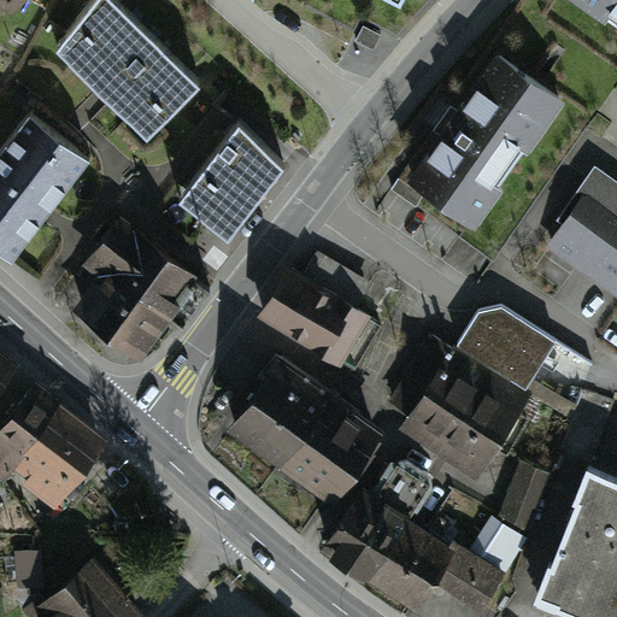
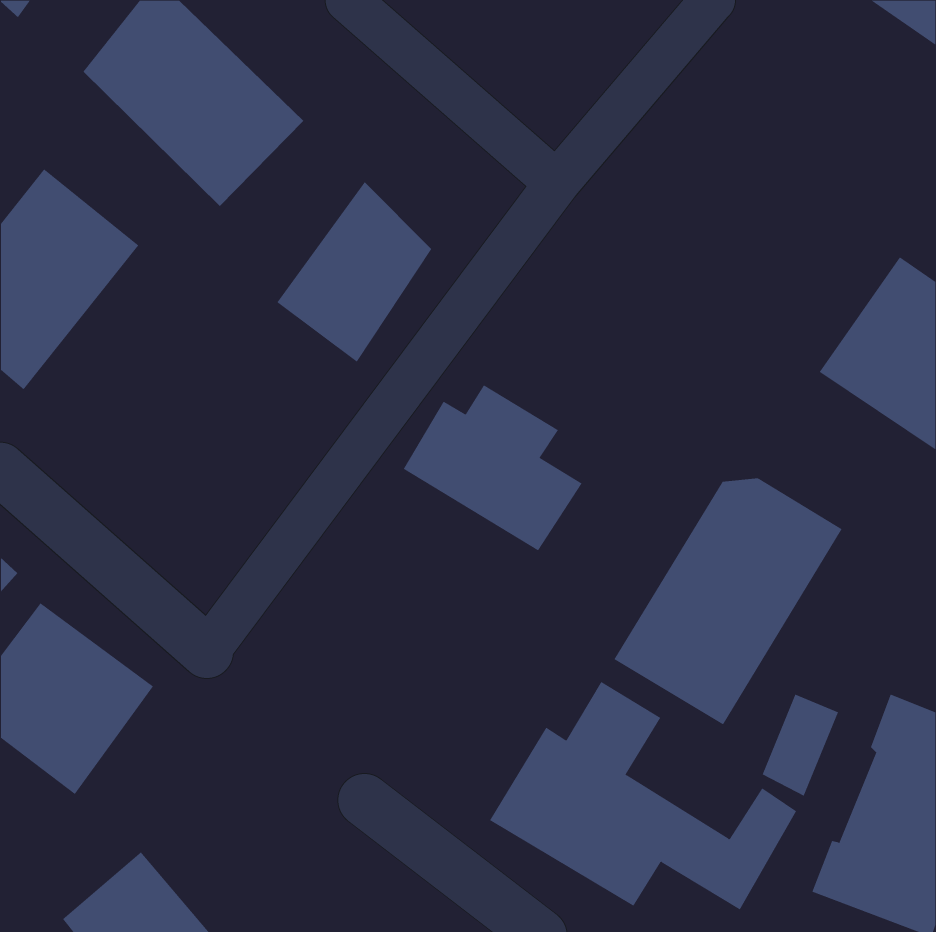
building: [396,60,559,242] -> none
building: [65,227,202,366] -> none
building: [227,366,382,512] -> none

